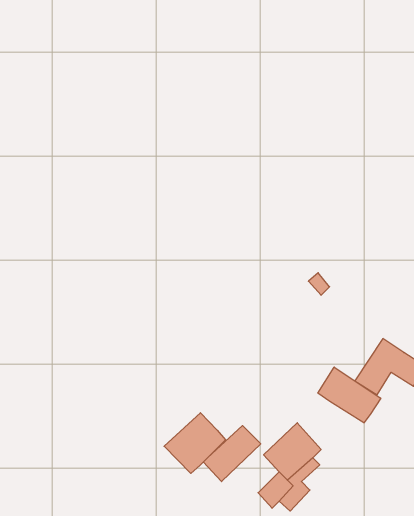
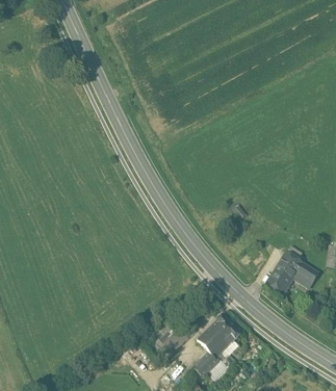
building: [318,367,381,423] -> none
building: [164,413,226,473] -> none

